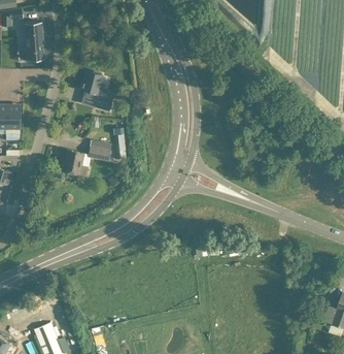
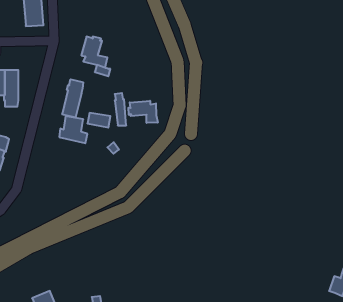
building: none -> [62,79,83,118]
building: none -> [128,101,158,123]

